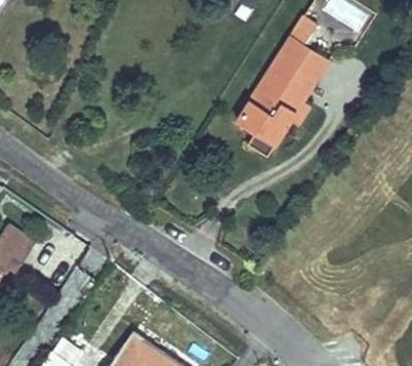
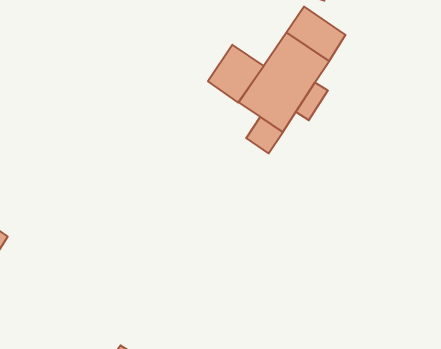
building: none -> [208,45,264,103]

